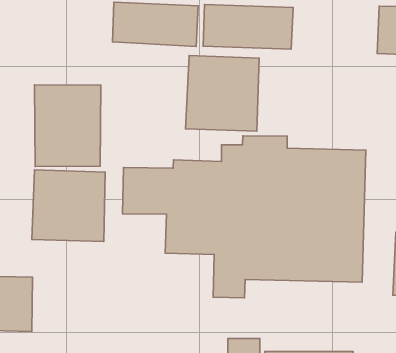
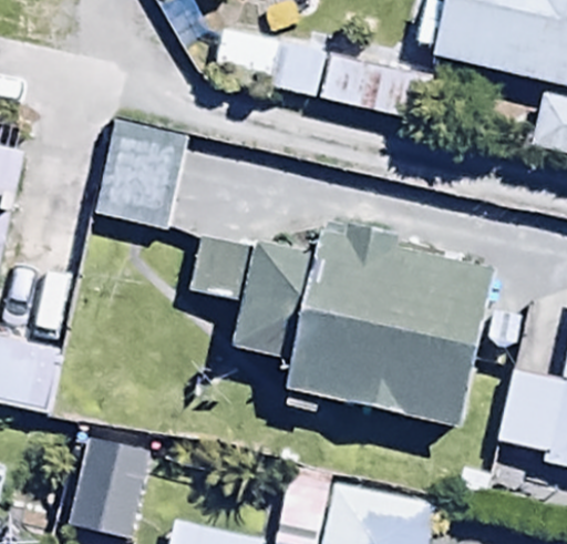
building: [186,55,259,131] -> none
building: [32,170,105,241] -> none

